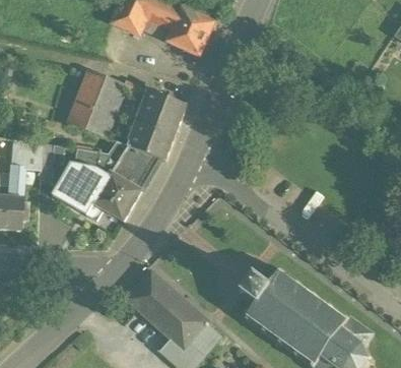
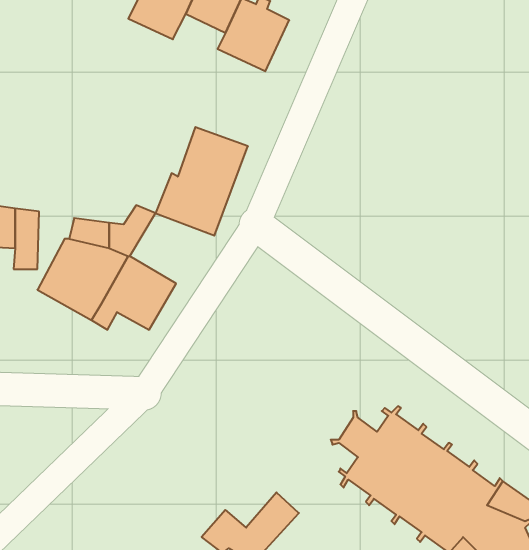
building: [67,69,125,136] -> none
building: [111,145,159,190] -> none
building: [127,269,208,346] -> none

